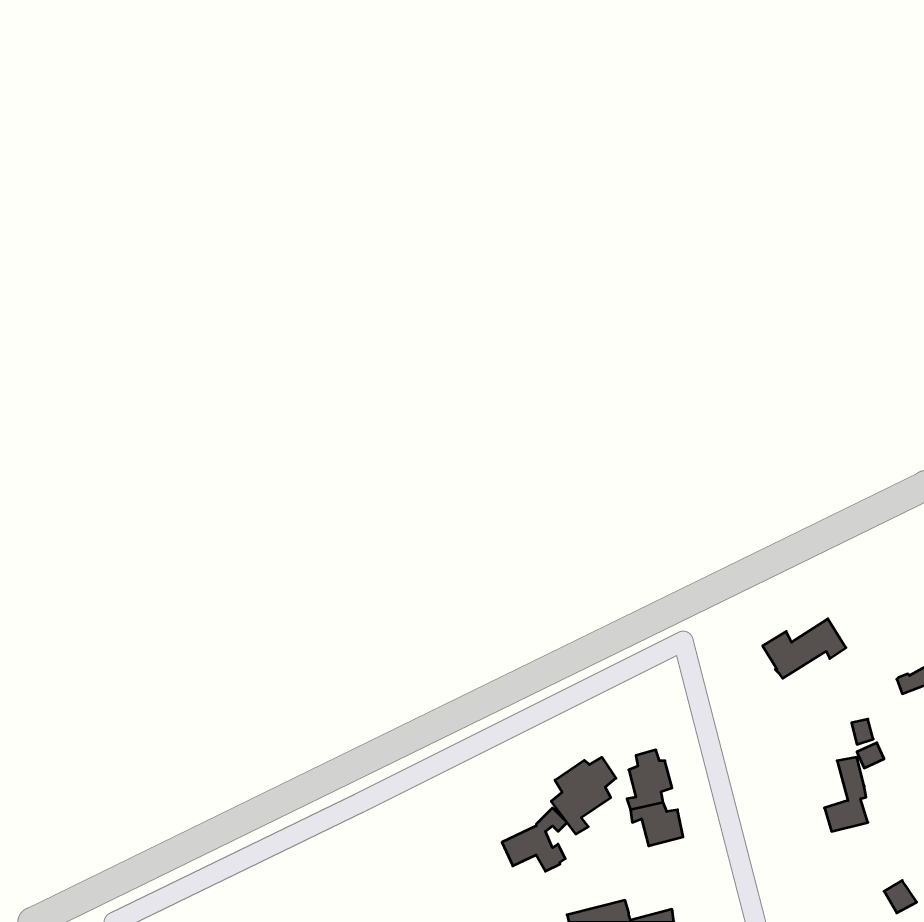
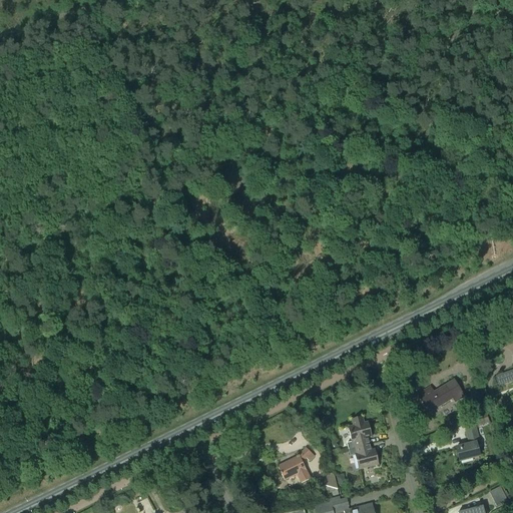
building: [763,619,846,678] -> [419,379,465,412]
building: [551,757,616,834] -> none

